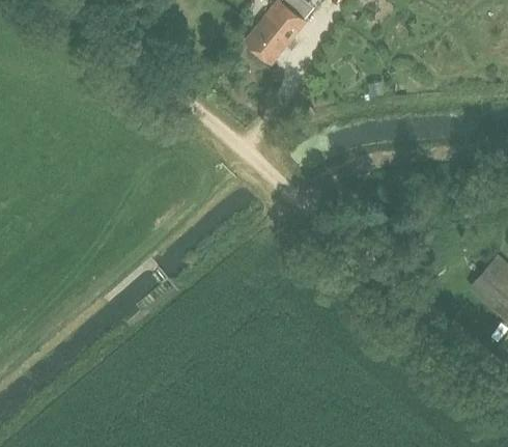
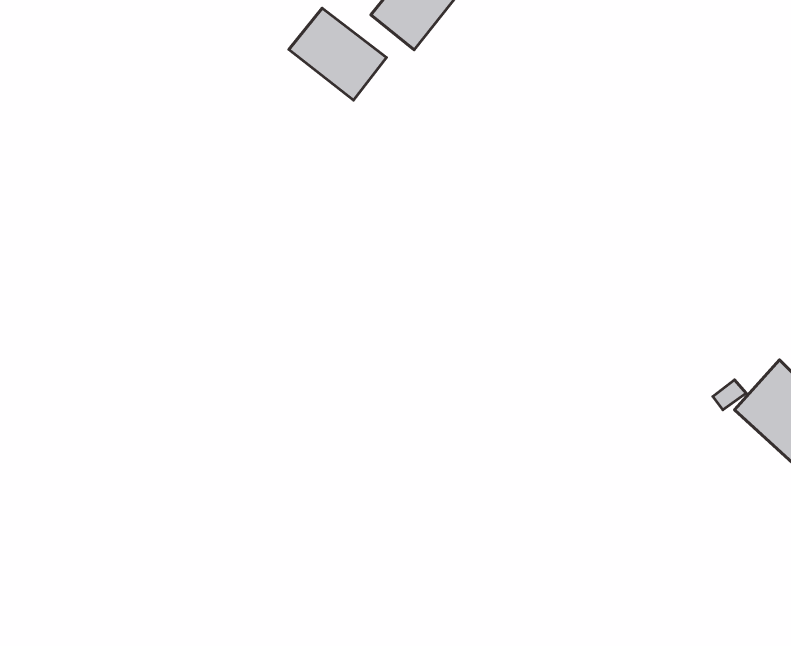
building: none -> [289,8,386,100]

